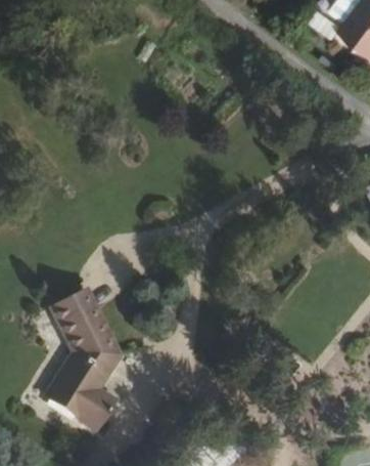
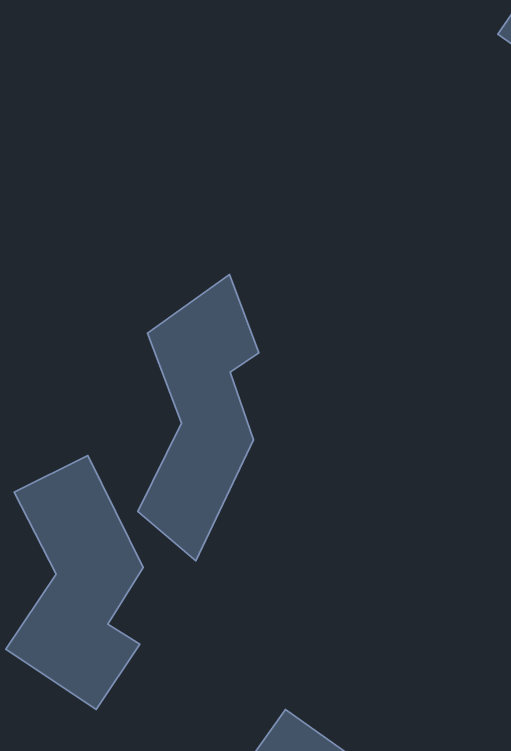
building: none -> [138,274,259,561]

